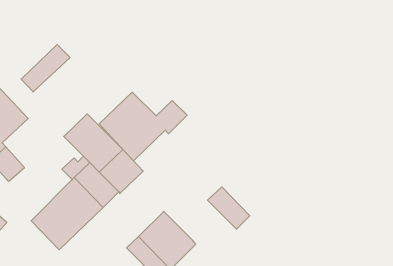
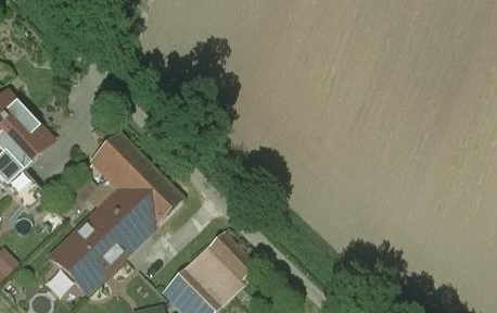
building: [21,45,70,92] -> none
building: [99,92,187,161] -> none
building: [208,187,250,229] -> [206,230,255,279]

